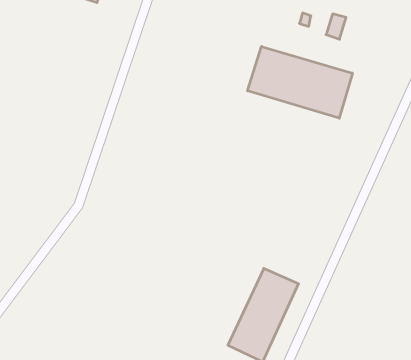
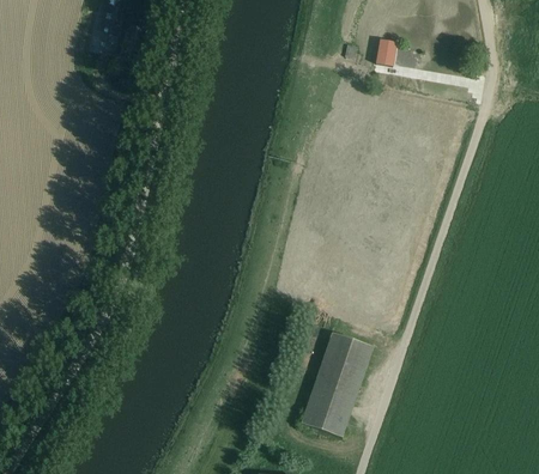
building: [248,46,352,118] -> none

